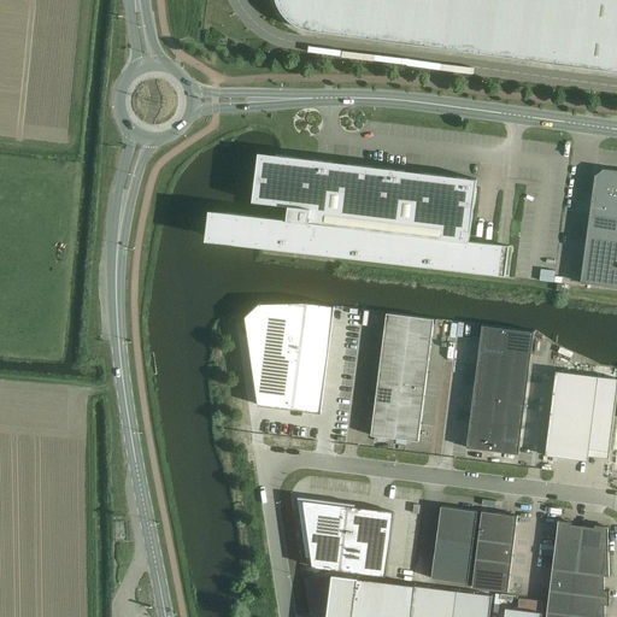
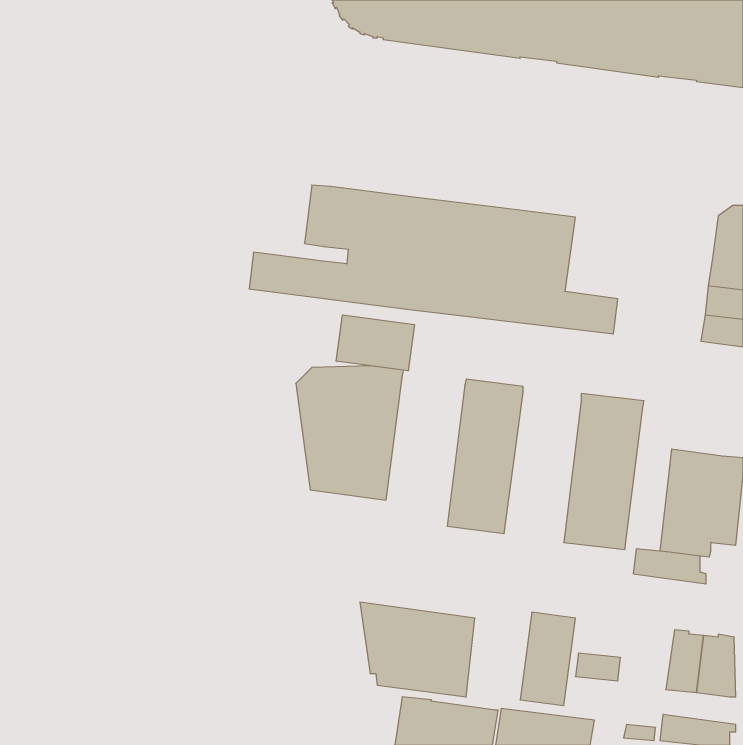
building: none -> [336,315,414,371]
building: [478,511,517,543] -> none
building: [472,559,511,592] -> none
building: [548,570,609,599] -> [633,549,706,584]

